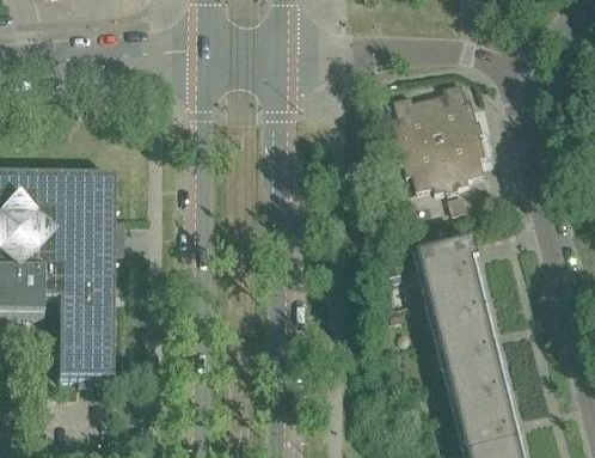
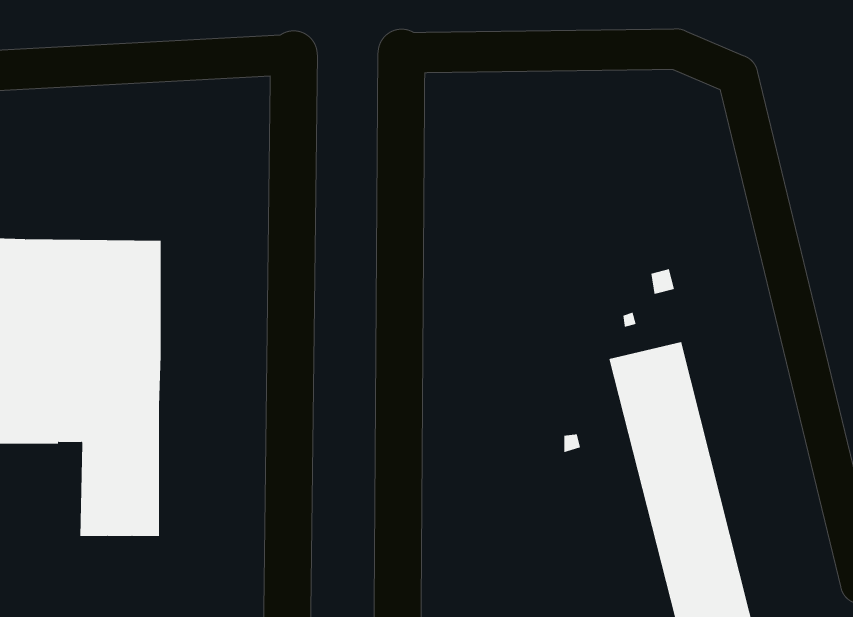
building: [391,81,485,190] -> none

